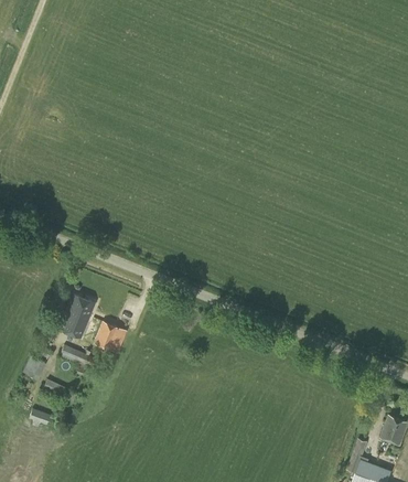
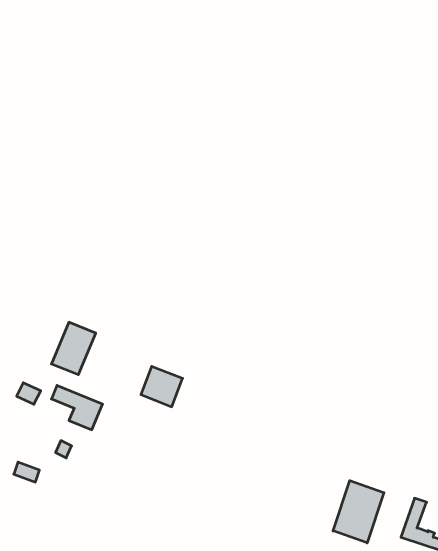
building: [93,319,127,352] -> [141,366,183,407]
building: none -> [333,481,384,543]

